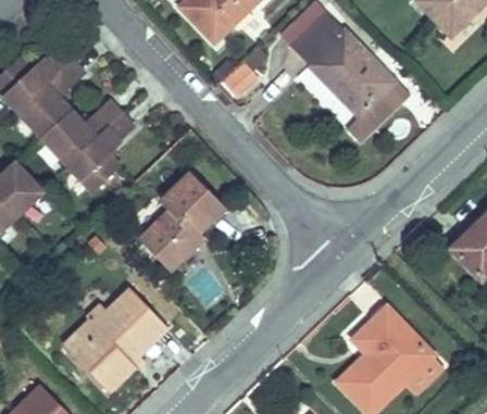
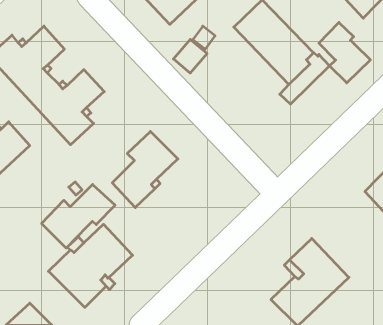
building: none -> [319,22,370,83]
building: none -> [42,184,115,248]

